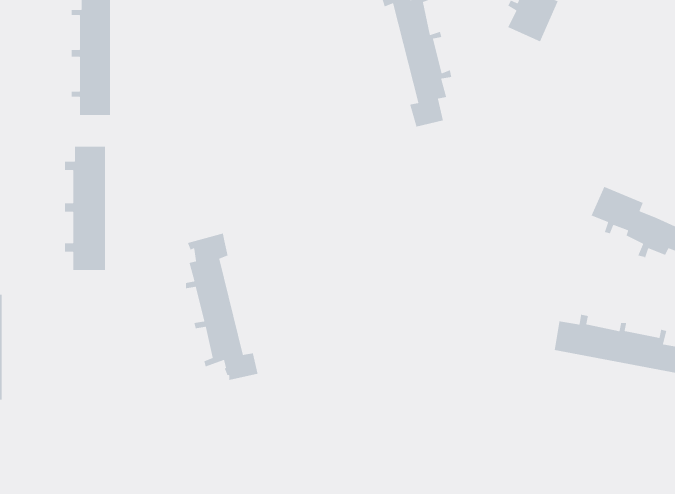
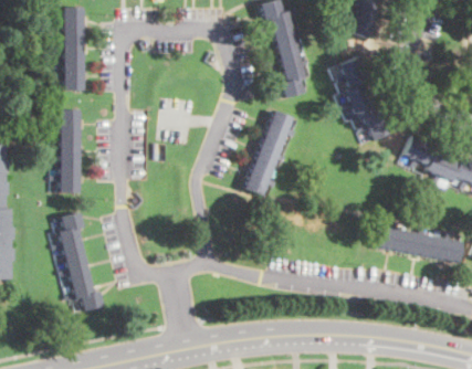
building: none -> [337,59,391,143]
building: none -> [247,110,296,197]
building: [185,233,258,381] -> [55,212,104,310]

